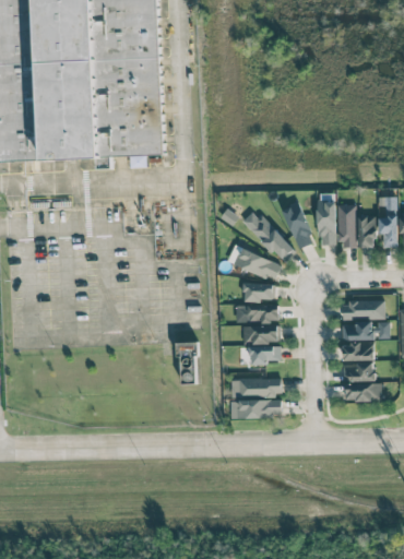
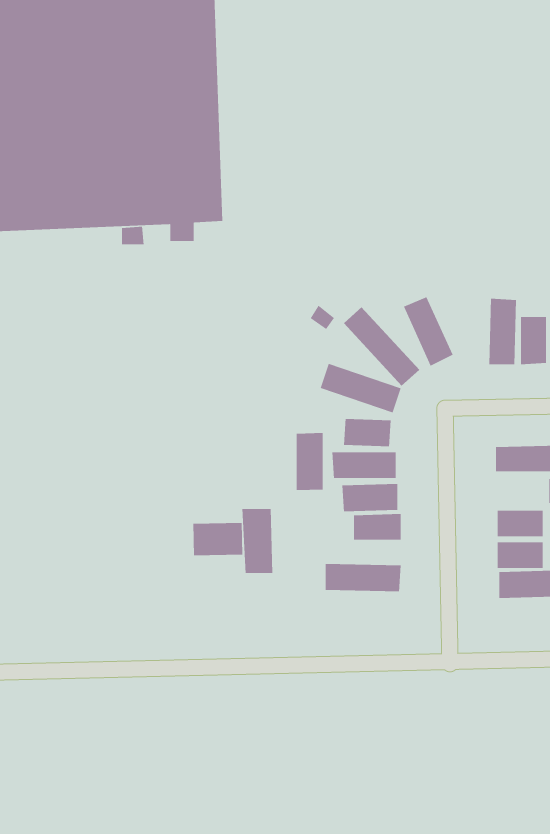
building: [317,200,335,245] -> none
building: none -> [296,432,323,491]
building: [342,322,372,340] -> none
building: none -> [193,522,243,556]
building: [229,400,281,418] -> none

